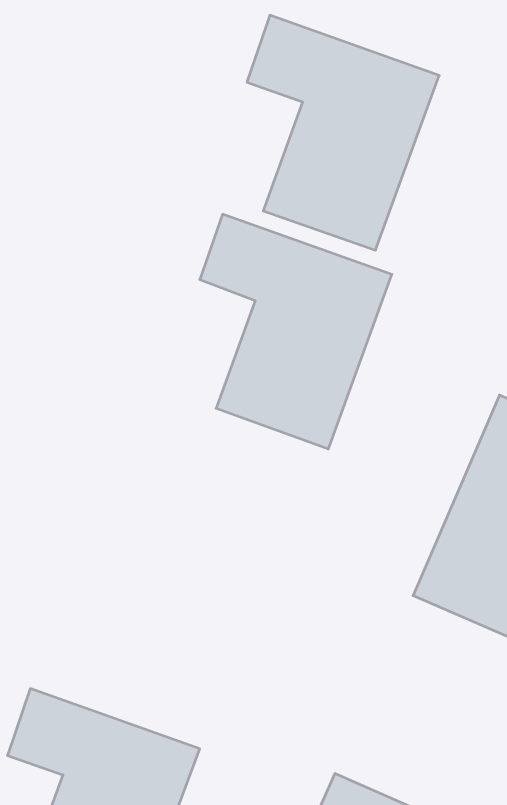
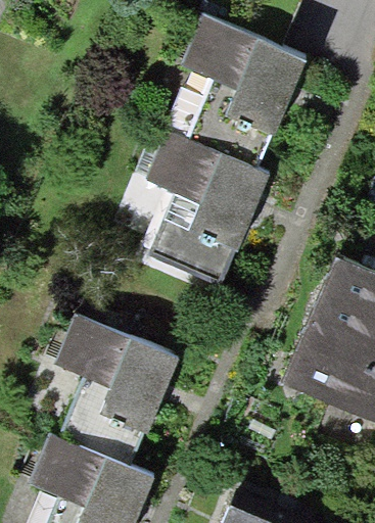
building: none -> [51,317,173,464]

